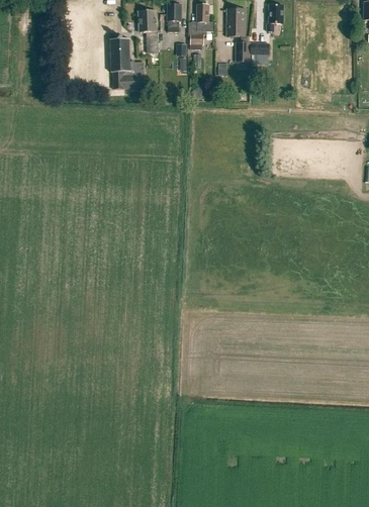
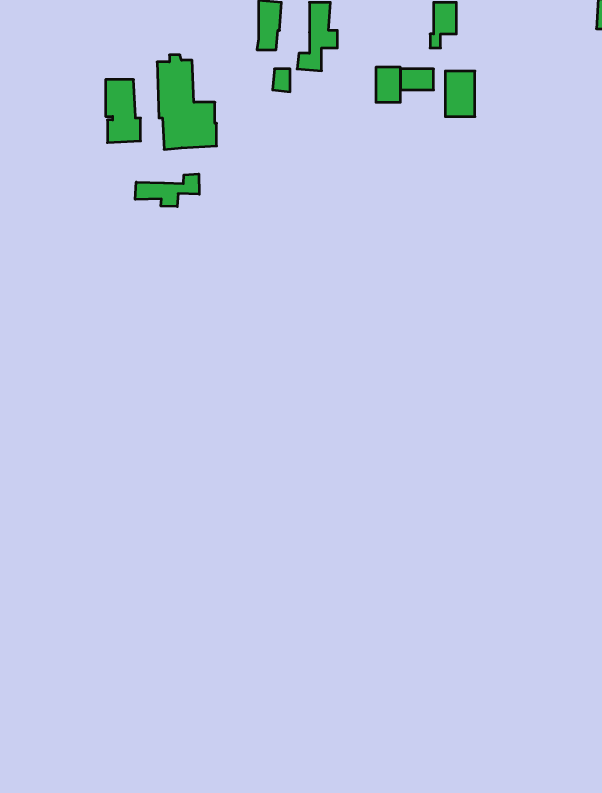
building: [228,8,246,34] -> [445,71,475,117]
building: [139,9,159,45] -> [106,80,141,143]
building: none -> [135,174,199,207]

